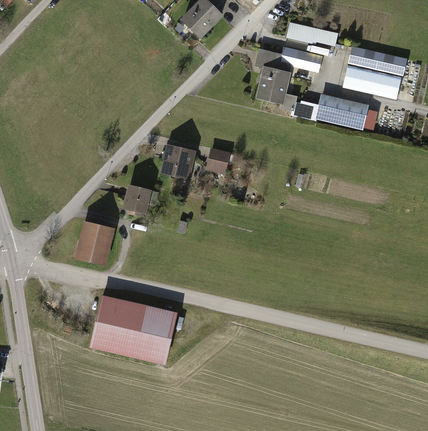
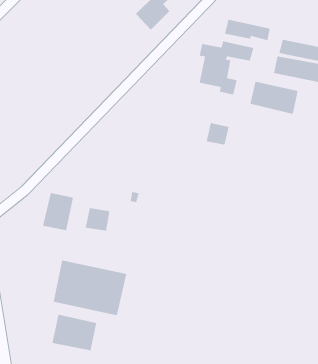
building: [161,145,195,177] -> none
building: [205,149,232,175] -> [206,122,230,145]
building: [123,186,152,213] -> [85,208,110,231]
building: none -> [52,314,97,351]

